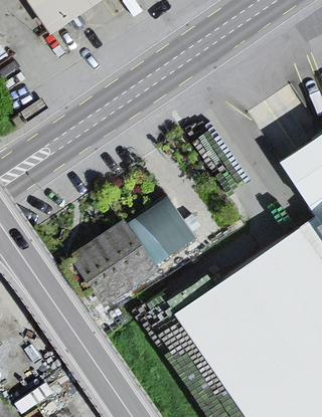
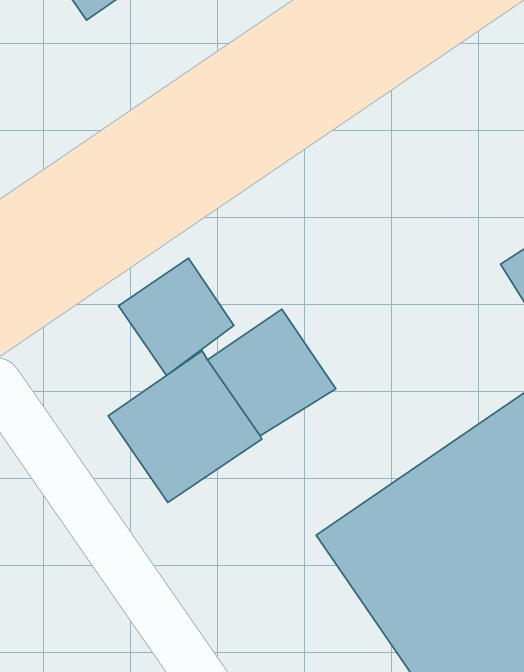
building: none -> [119,258,234,376]

